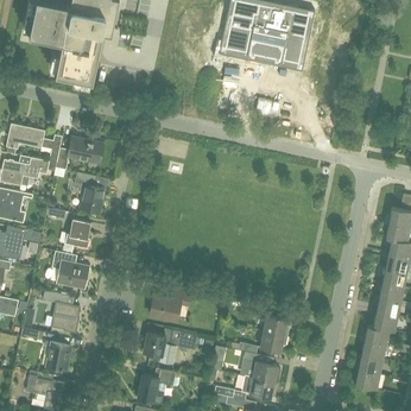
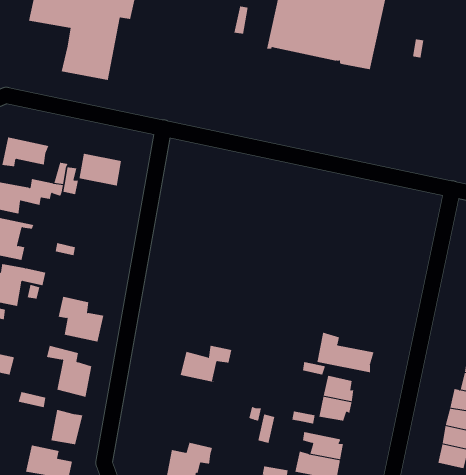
building: [74,171,105,211] -> none
building: [65,219,91,248] -> none
building: none -> [317,332,374,373]
building: [144,328,195,365] -> none

